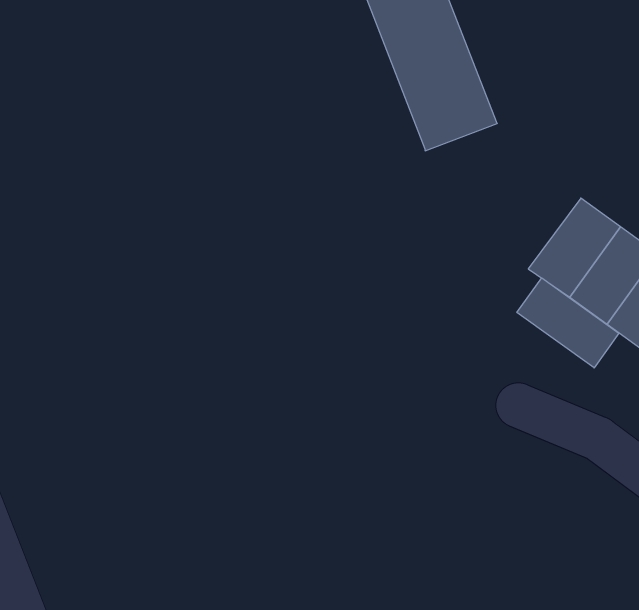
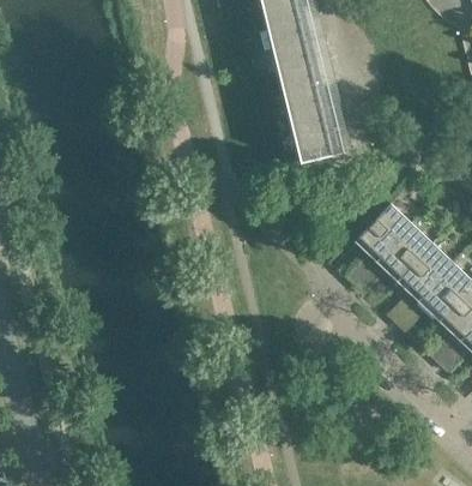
building: [517,278,619,368] -> none

